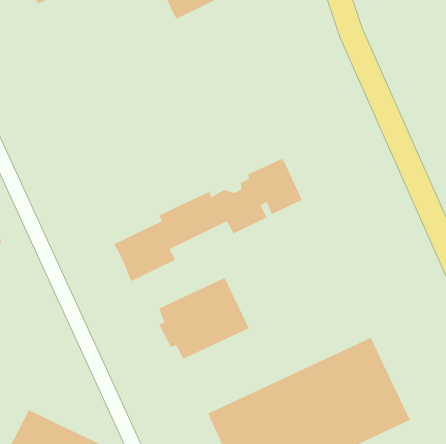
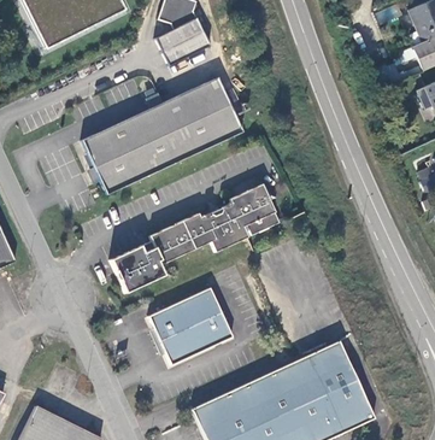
building: none -> [80,76,242,193]

